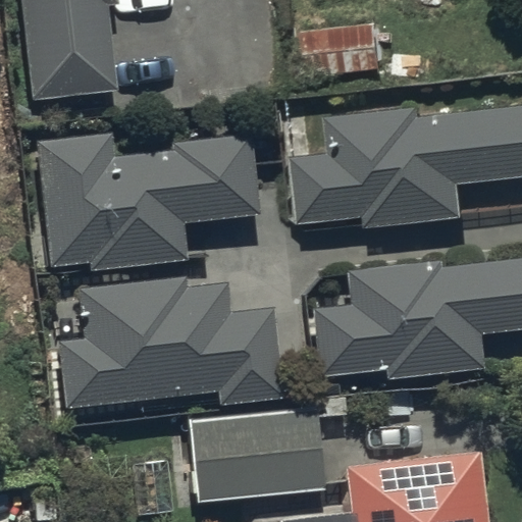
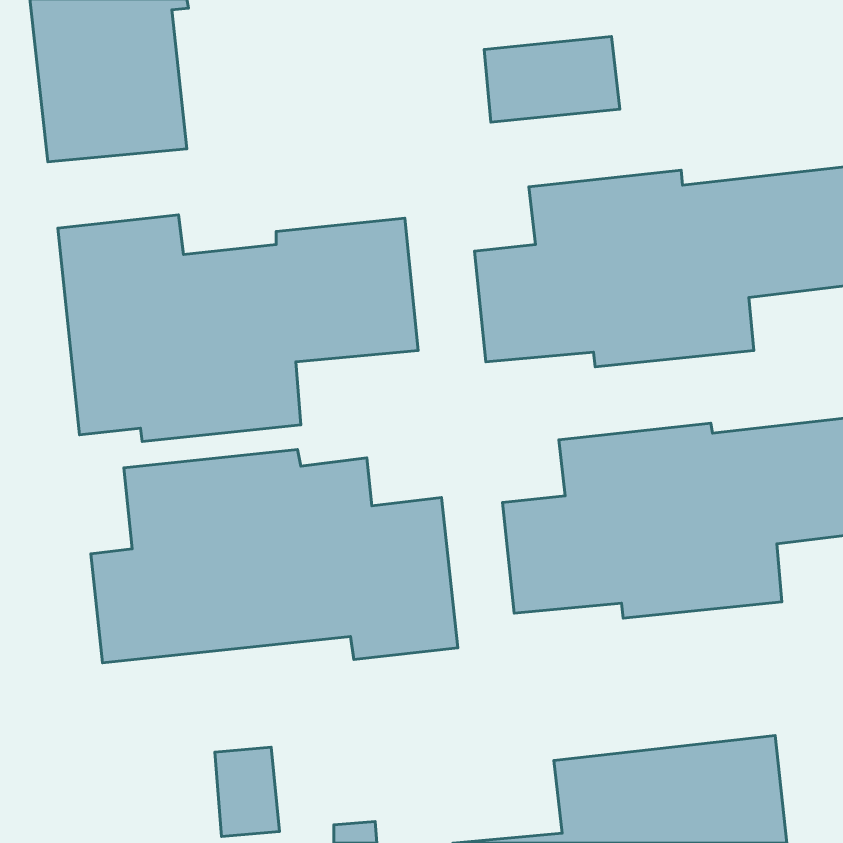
building: [191,409,324,504] -> none

